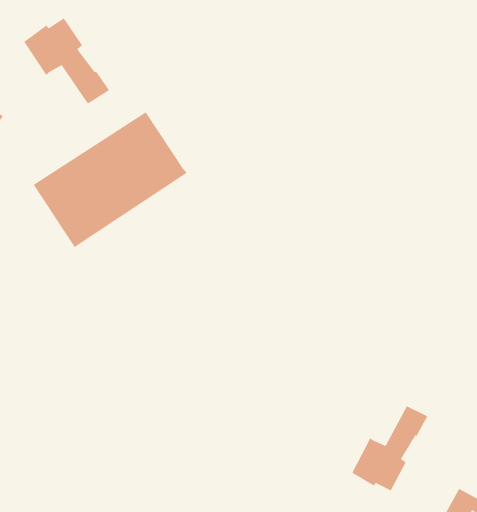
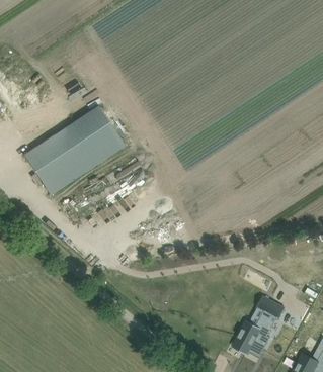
building: [23,17,110,104] -> none

